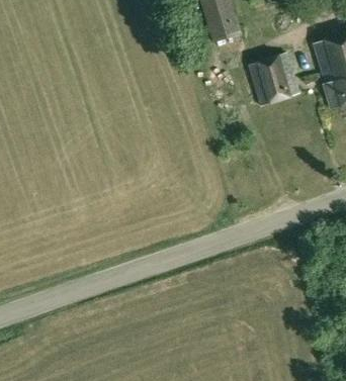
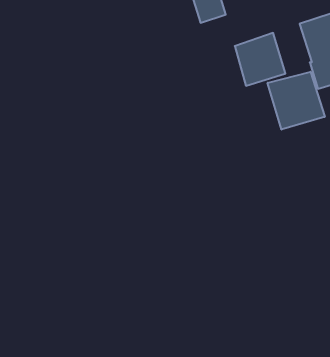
building: none -> [268,72,325,130]

